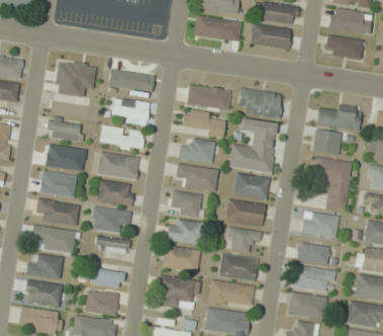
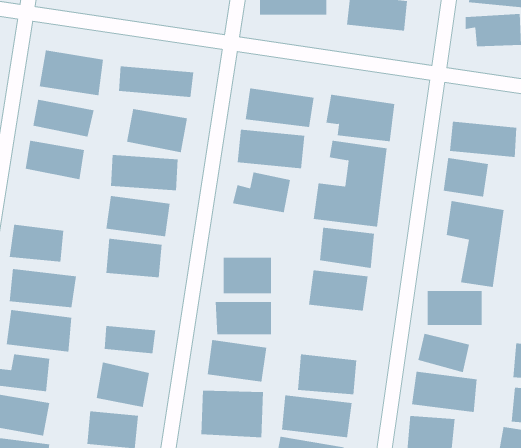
building: [44,149,76,167] -> none
building: [176,164,217,191] -> none
building: [92,207,130,232] -> none
building: [226,228,261,251] -> none

